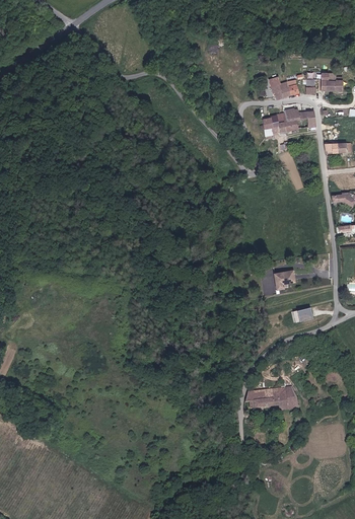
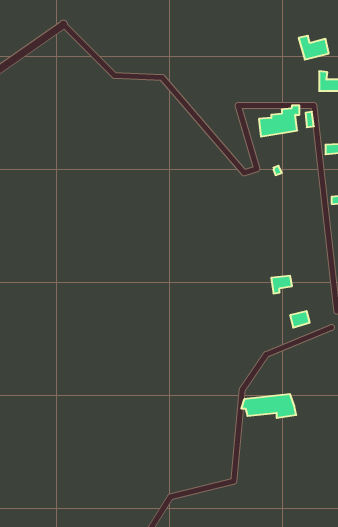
building: [269,77,298,100] -> [299,36,329,60]

